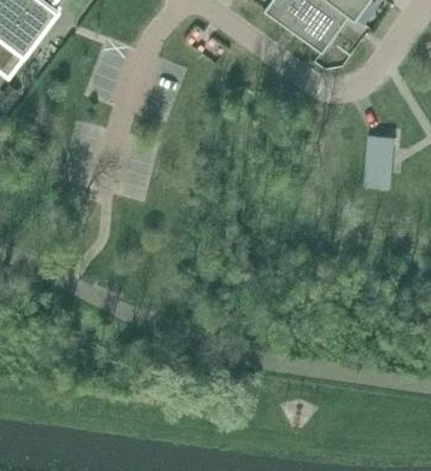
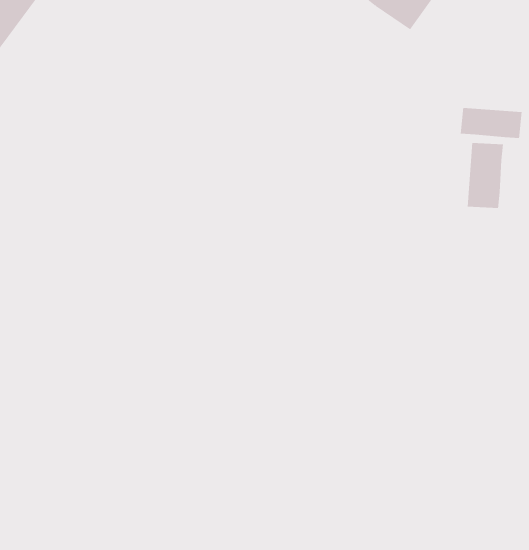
building: none -> [460,107,522,139]

